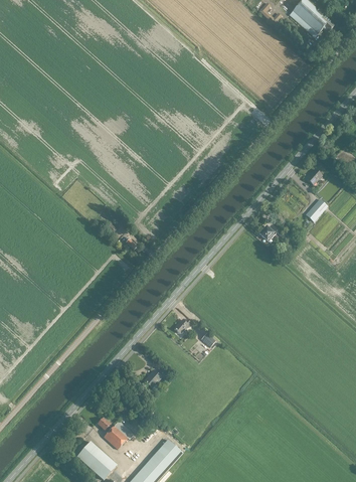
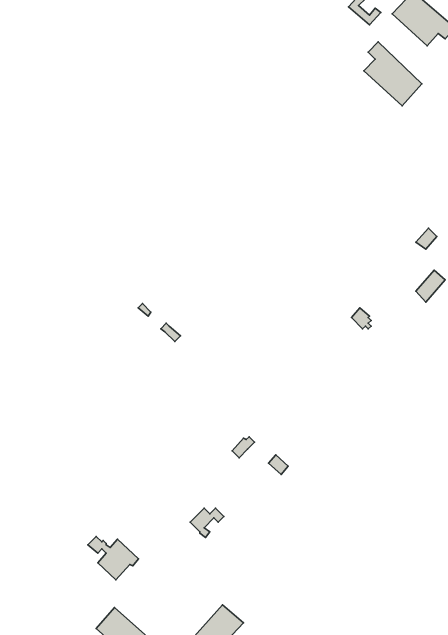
building: none -> [364,42,422,106]
building: [97,419,133,450] -> [88,536,138,580]

